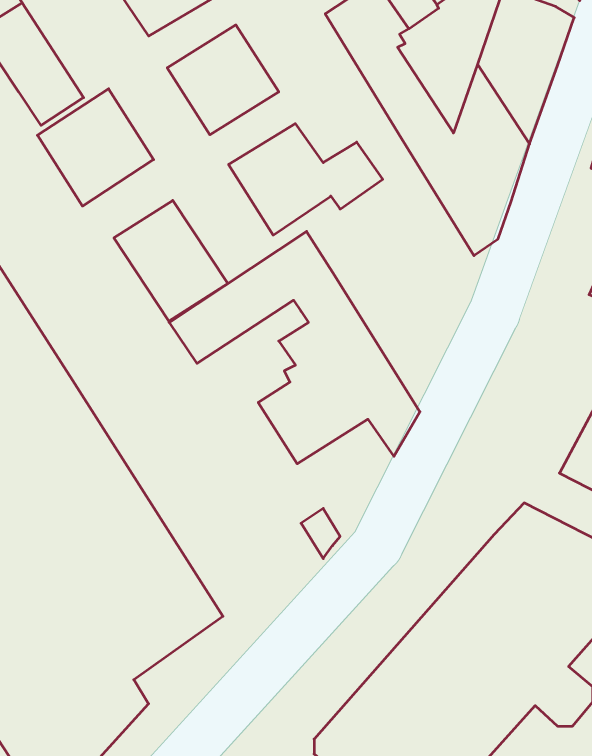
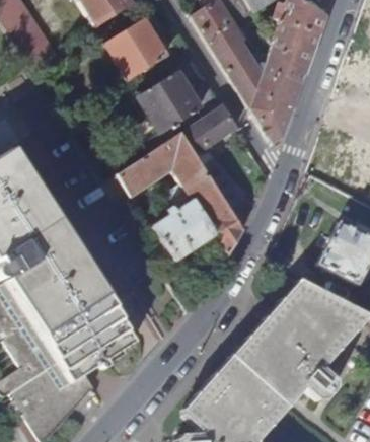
building: [37,89,154,206] -> none
building: none -> [182,101,238,152]
building: [114,200,228,321] -> none

